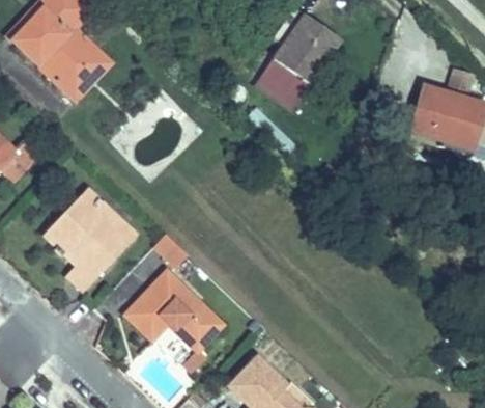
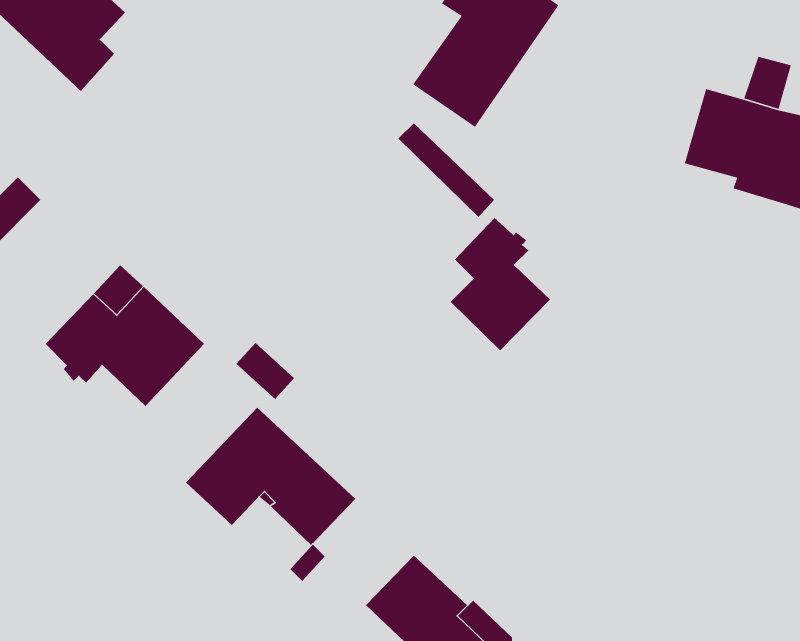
building: [64,44,110,100] -> none
building: none -> [450,217,551,351]
building: [65,247,102,292] -> none

